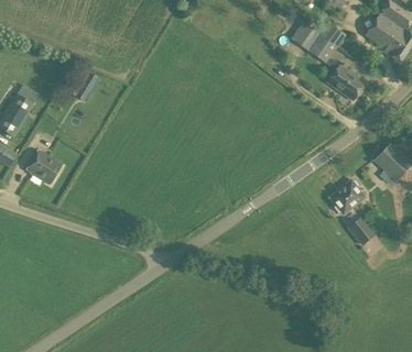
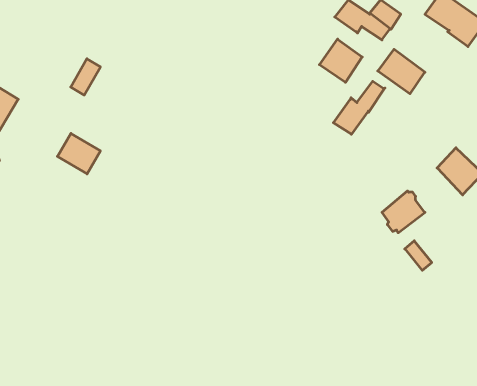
building: none -> [319,39,362,82]
building: none -> [333,81,385,134]
building: [25,148,61,182] -> [57,133,100,174]

